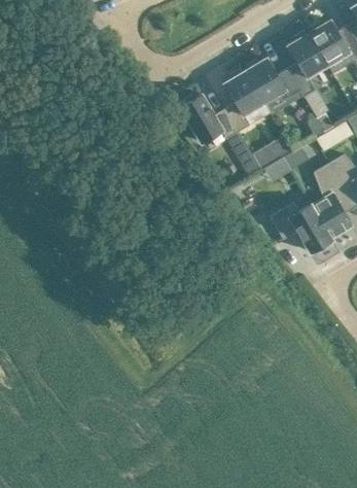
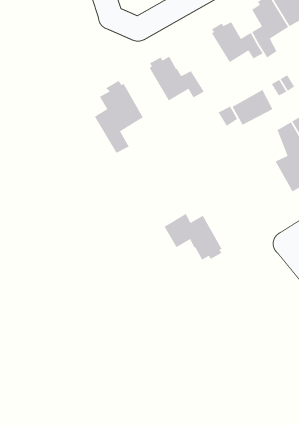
building: [223,69,263,133] -> none
building: none -> [94,80,144,154]
building: [269,203,330,253] -> [163,213,222,261]

